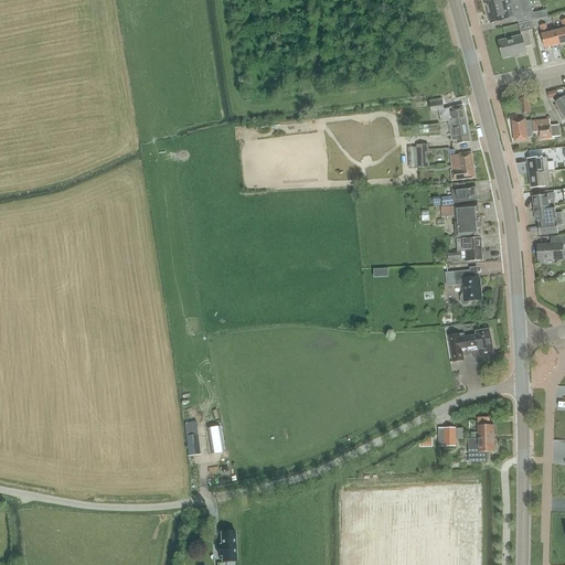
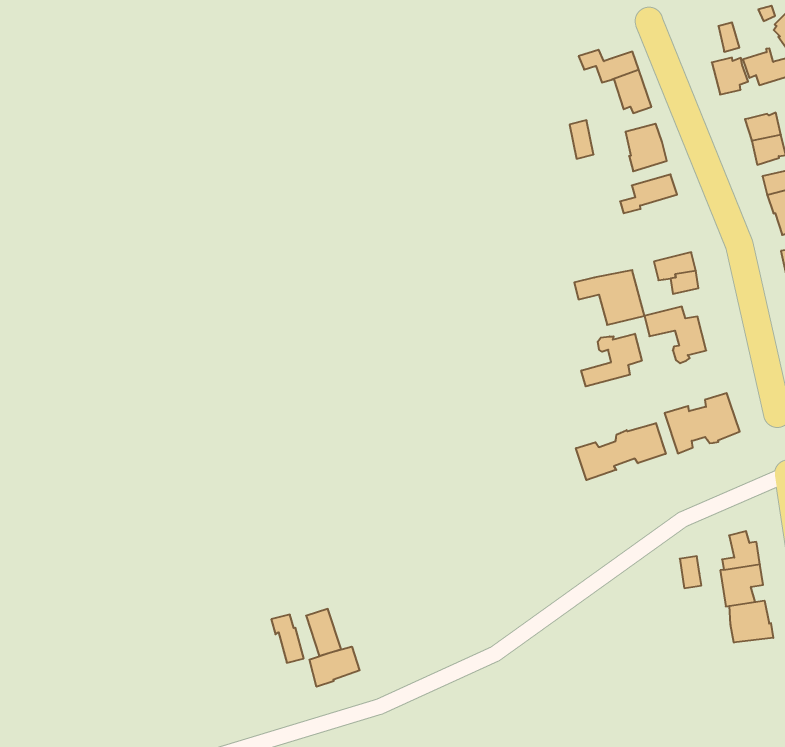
building: [439,203,480,235] -> [574,270,645,325]
building: none -> [581,334,642,386]
building: none -> [576,423,666,480]
building: none -> [309,647,360,687]
building: none -> [729,601,773,643]

